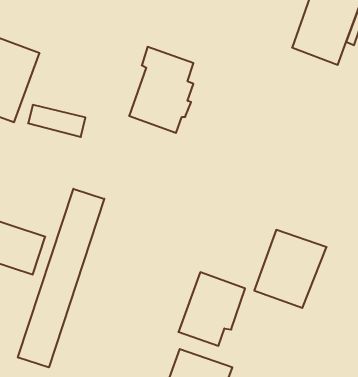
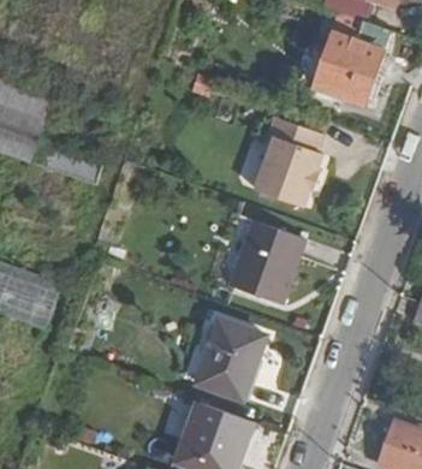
building: [129,47,193,133] -> [252,117,320,207]
building: [18,189,104,367] -> none
building: [254,230,327,308] -> [228,224,304,305]

